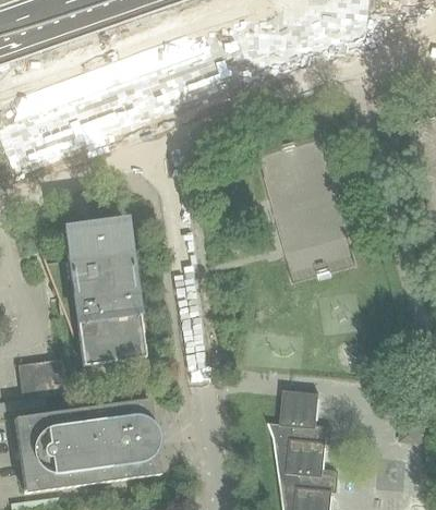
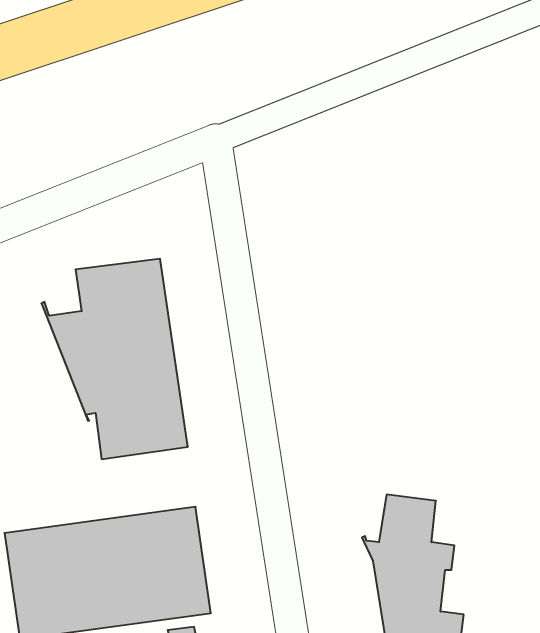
building: [17,360,53,385] -> none

